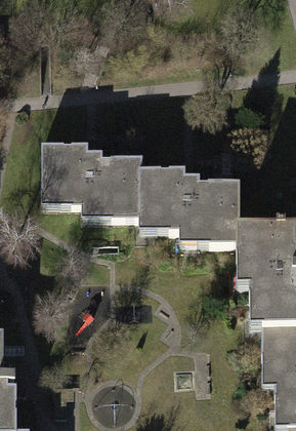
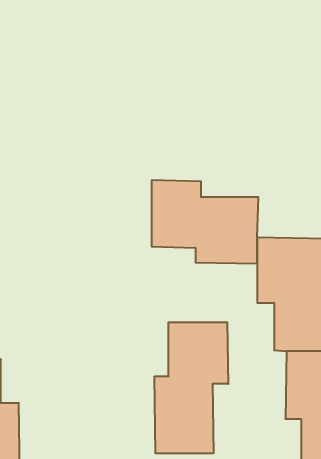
building: [39,144,140,217] -> none
building: none -> [155,322,228,453]

